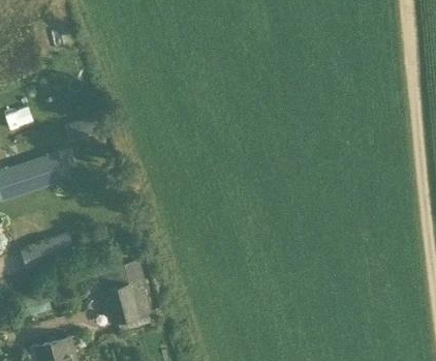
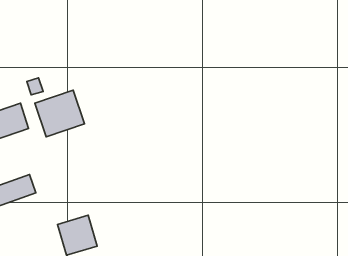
building: none -> [35,90,84,137]

